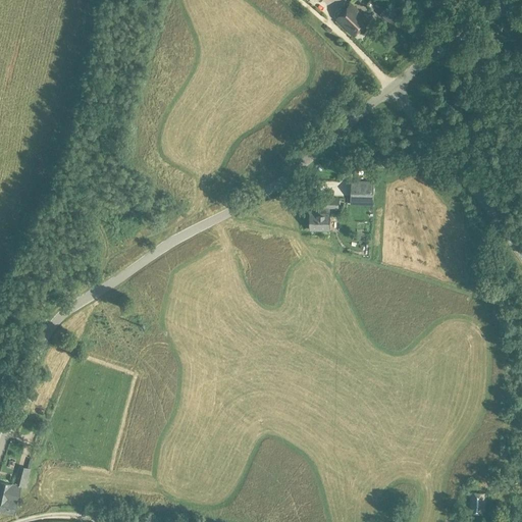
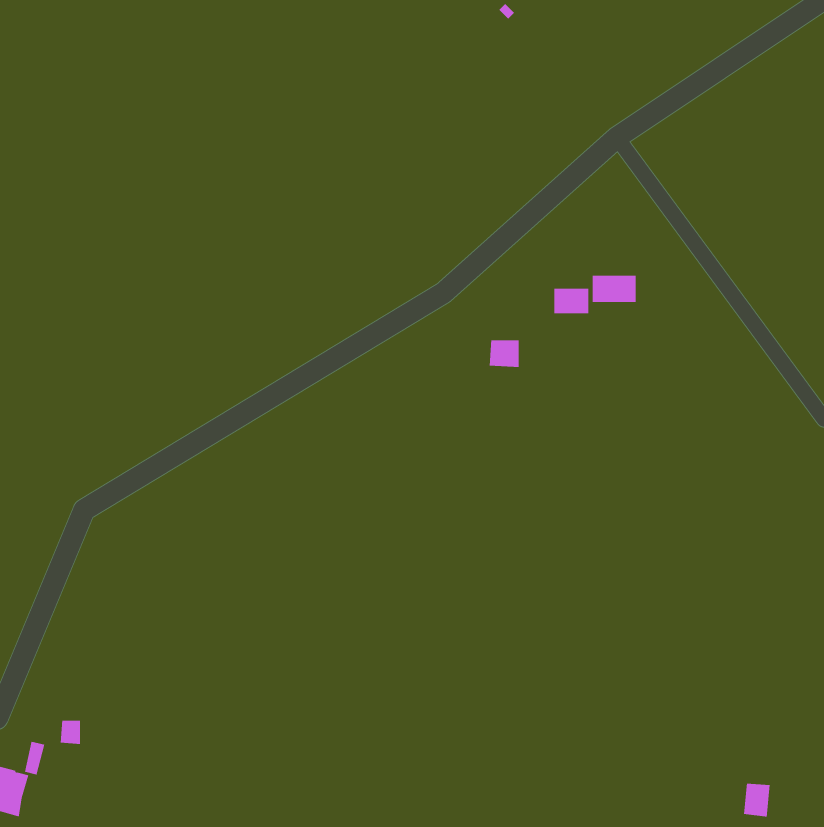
building: [334,4,367,37] -> none
building: none -> [592,275,636,303]

